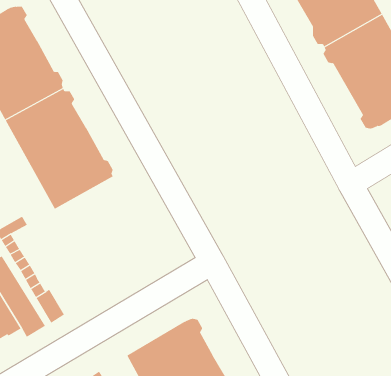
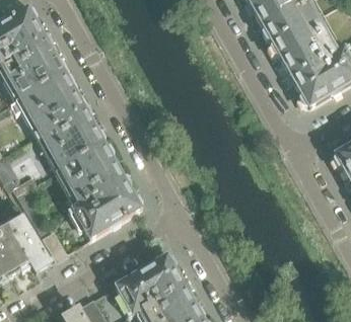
building: none -> [58,143,141,239]

